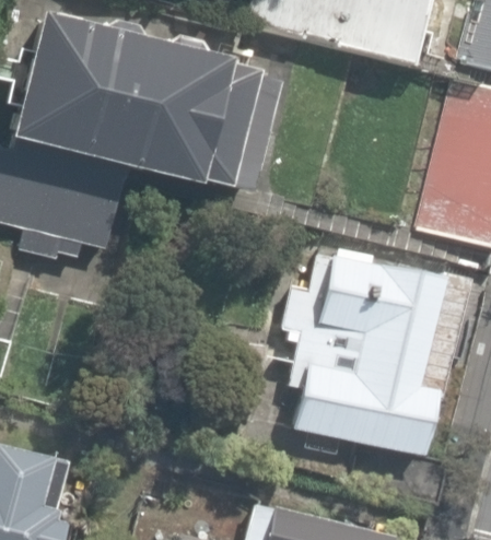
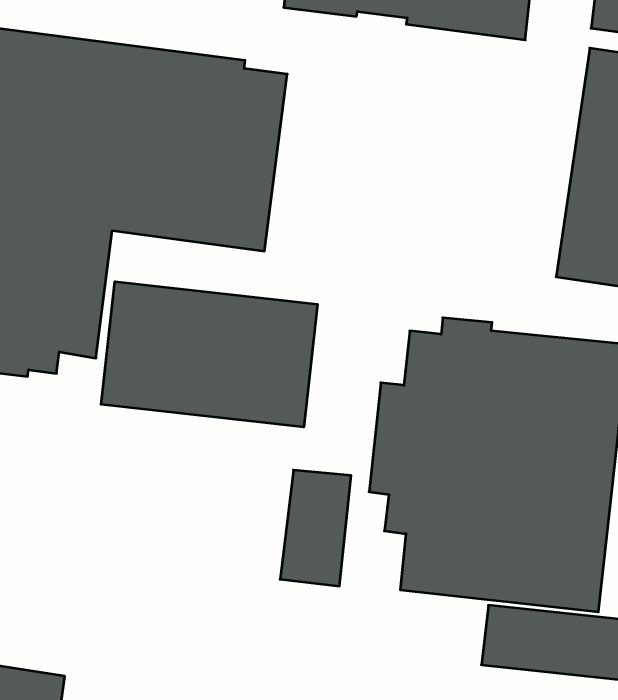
building: none -> [101,282,317,427]

